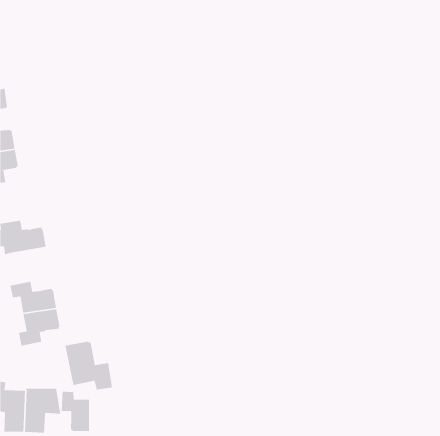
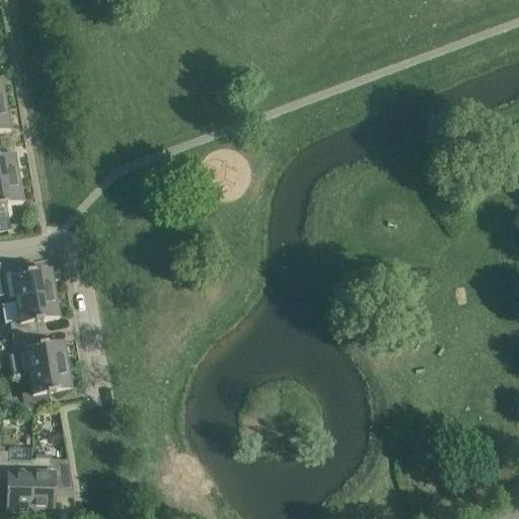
building: none -> [8,291,59,336]
building: [64,340,113,391] -> none
building: [61,391,90,432] -> none

